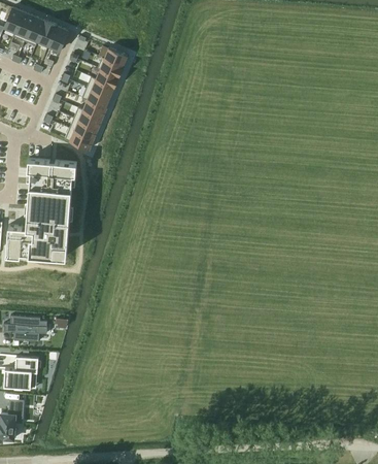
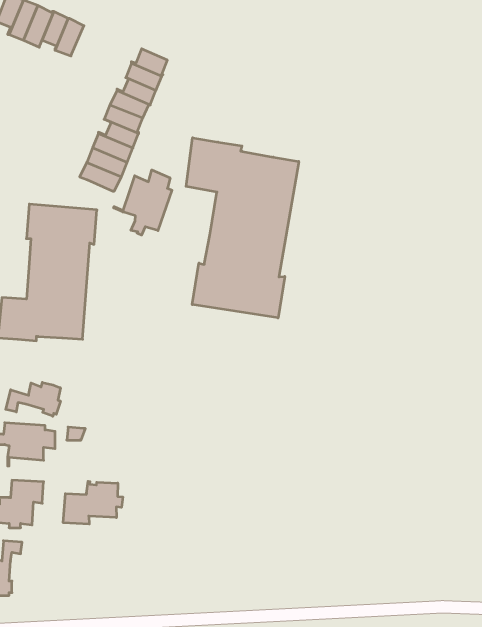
building: none -> [186,138,299,318]
building: none -> [114,170,172,235]
building: none -> [6,382,60,416]
building: none -> [63,481,123,524]

